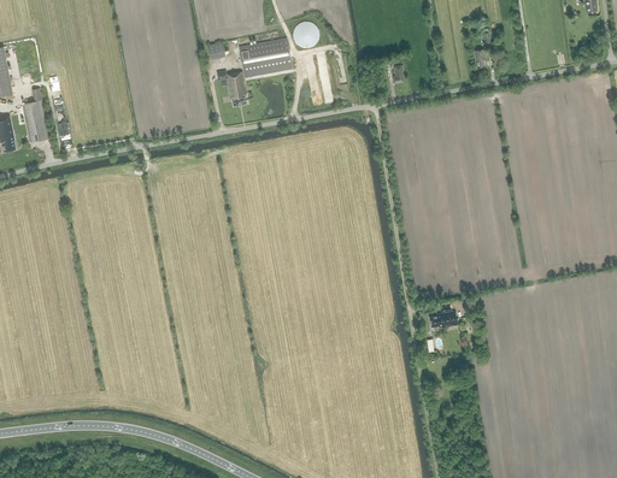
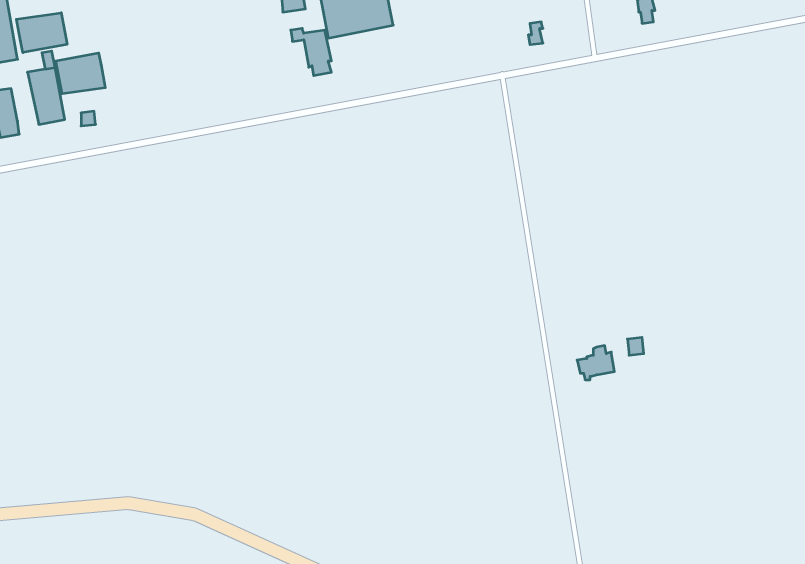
building: none -> [16,13,67,53]
building: none -> [56,53,105,94]

